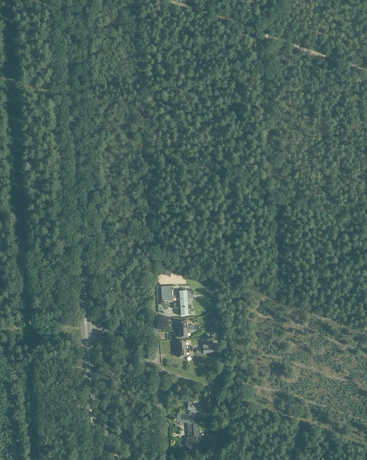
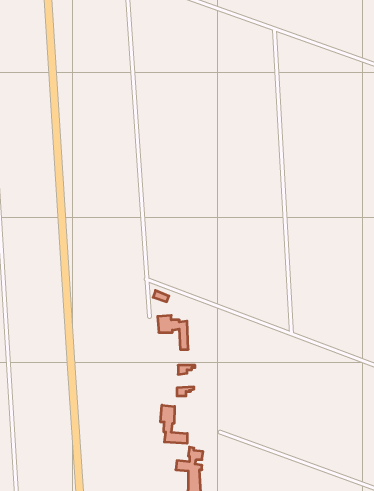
building: none -> [161,405,187,443]

